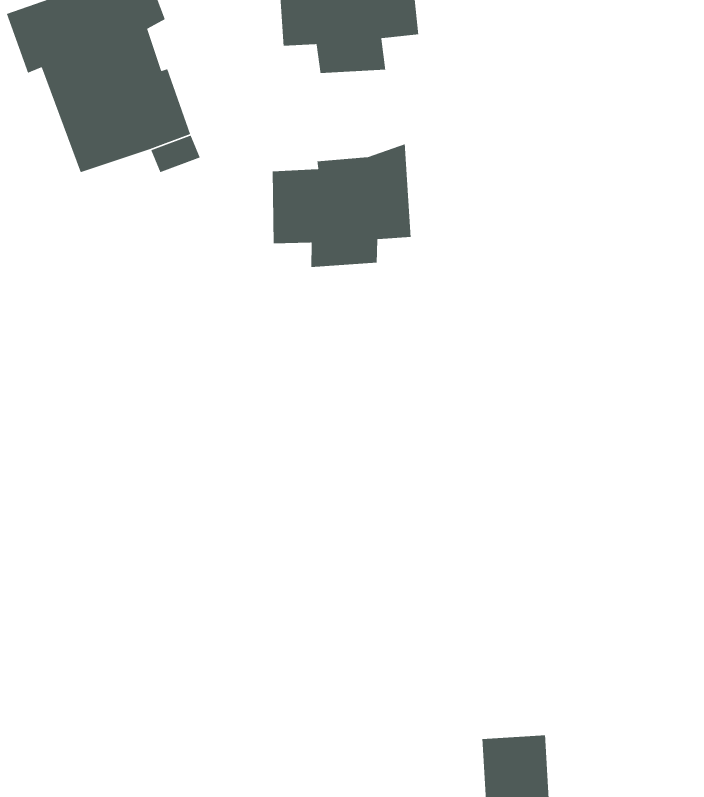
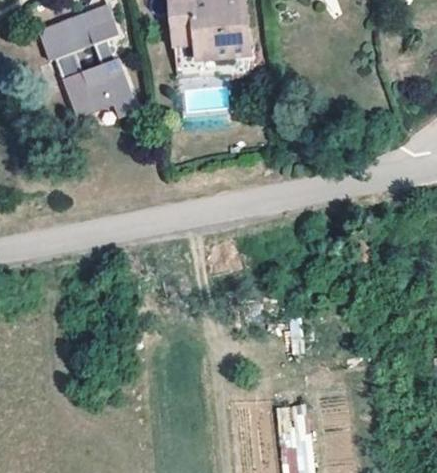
building: [272,143,412,268] -> none

